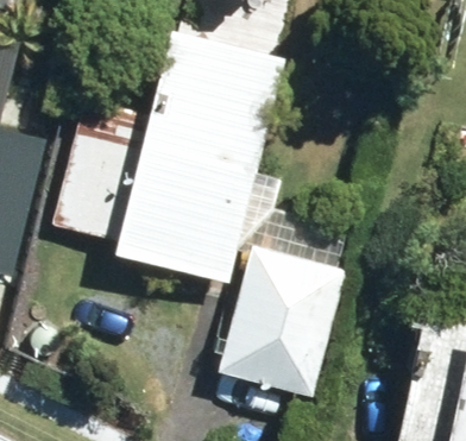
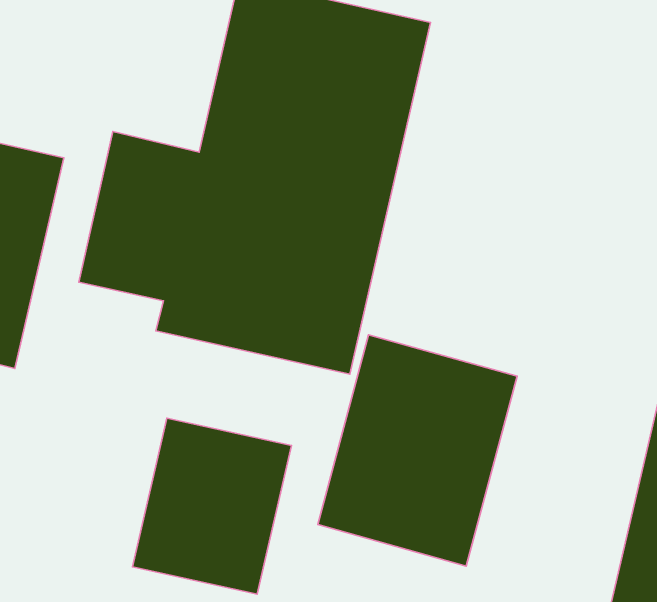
building: none -> [133,418,292,594]

